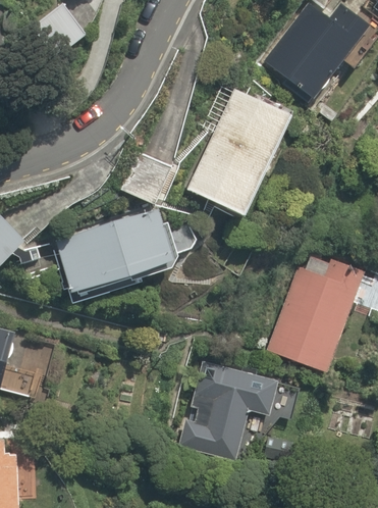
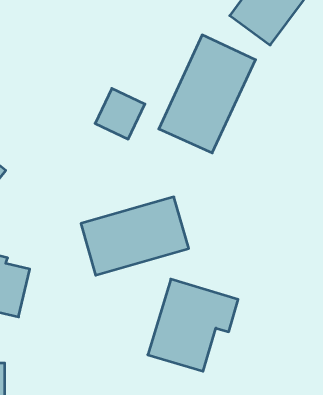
building: [53,208,172,295] -> [81,197,189,275]
building: [271,264,361,374] -> none

